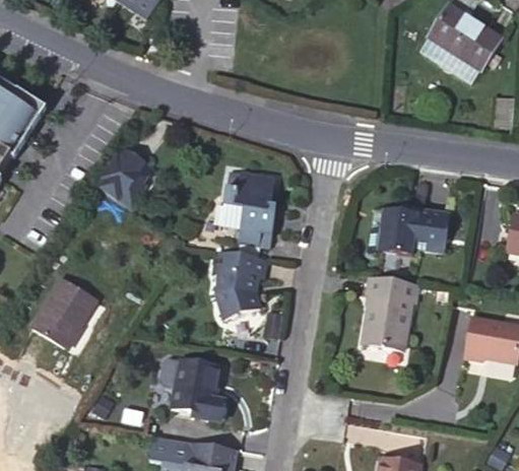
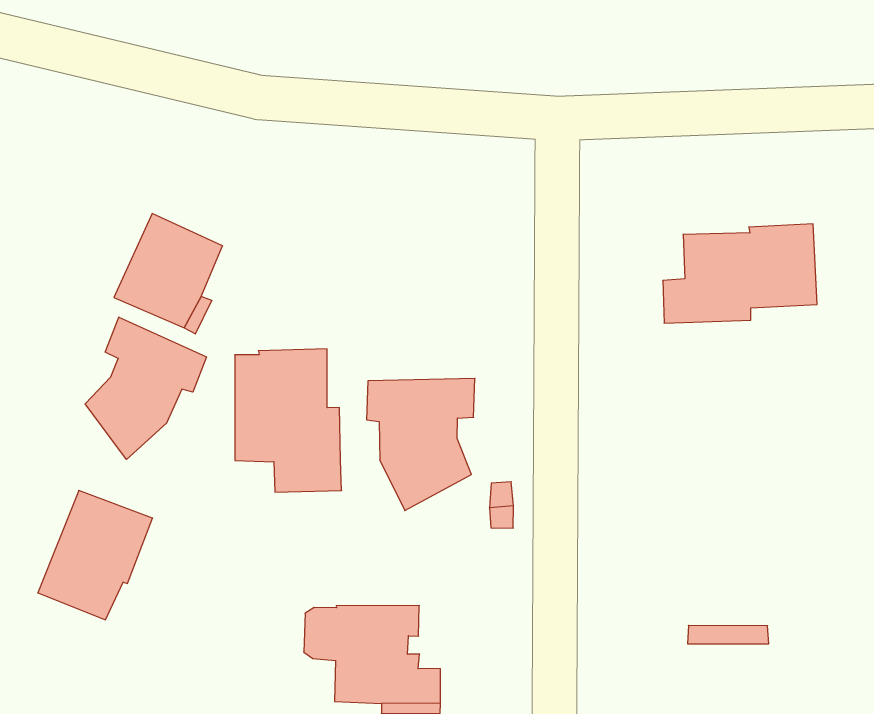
building: [218,171,275,248] -> [235,349,342,492]
building: none -> [85,317,206,459]
building: [362,274,418,348] -> none

